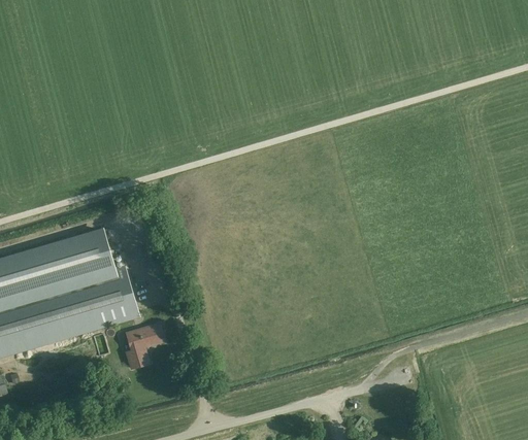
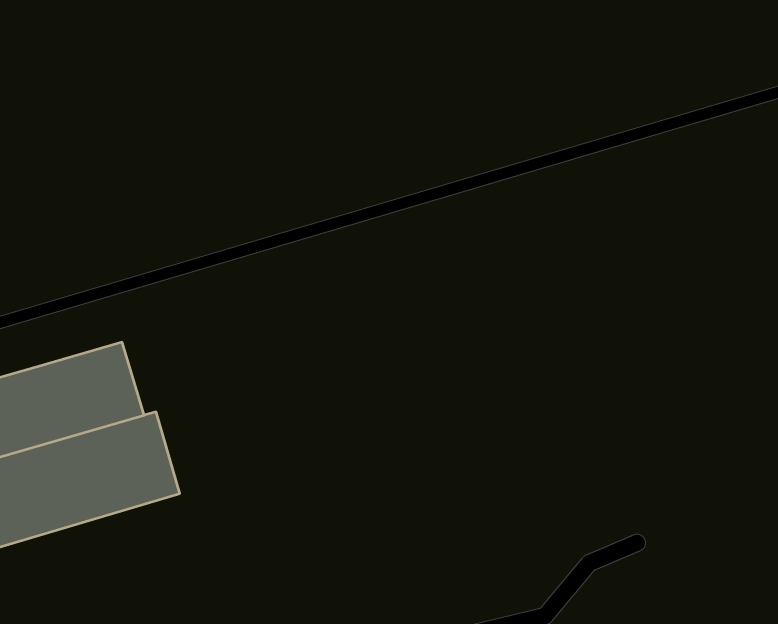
building: [126,325,164,369] -> none

